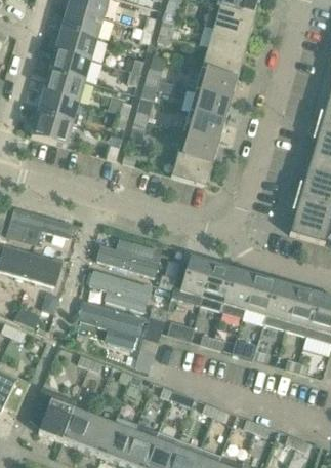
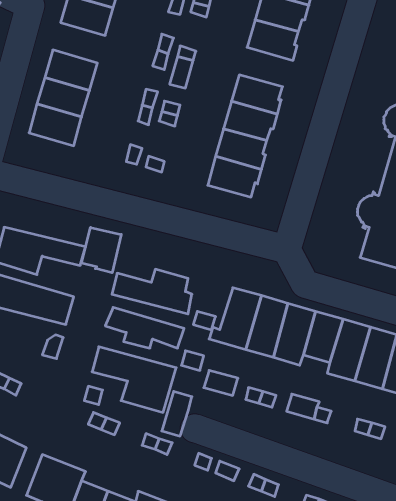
building: [49,49,90,81] -> none
building: [195,69,237,100] -> none
building: none -> [81,227,121,273]

